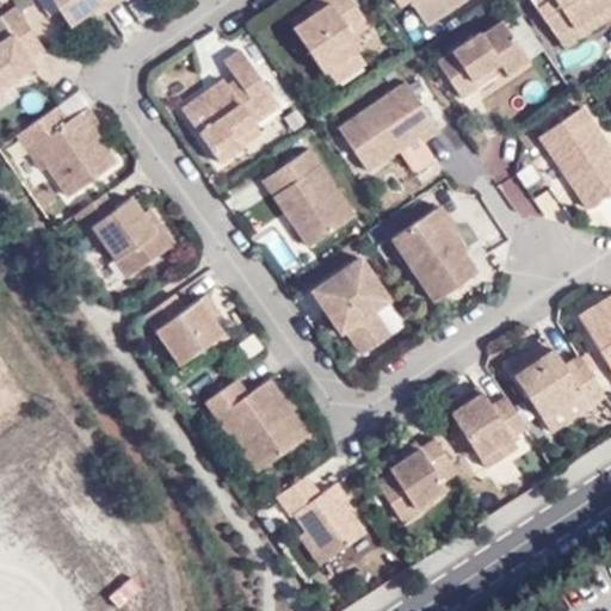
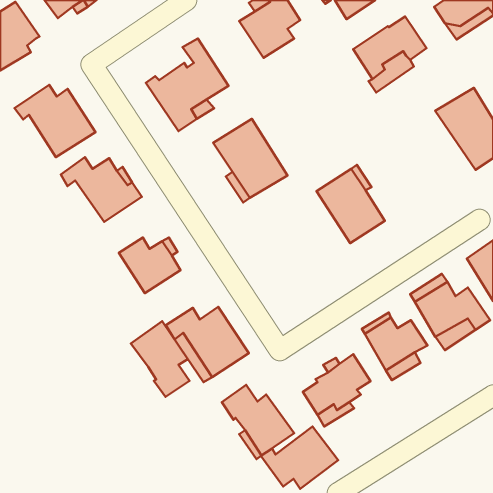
building: [340,82,443,171] -> none
building: [310,258,390,352] -> none
building: none -> [131,321,190,397]
building: none -> [261,426,338,489]

